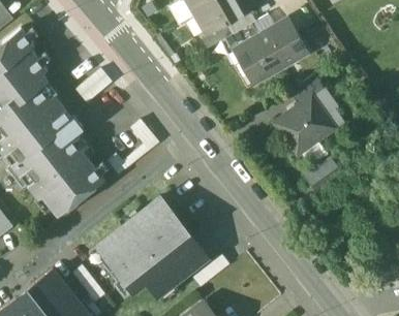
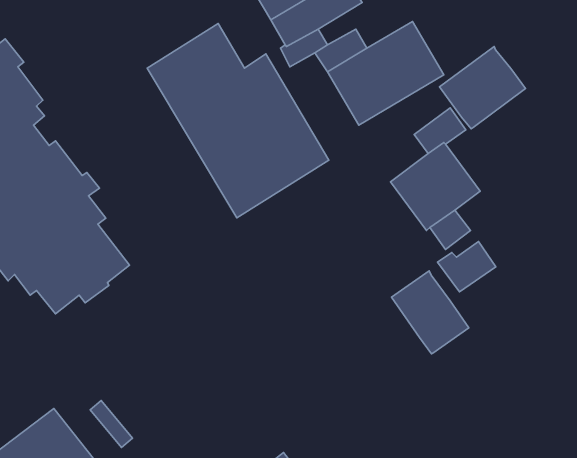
building: none -> [147,24,329,218]
building: none -> [440,47,526,129]
building: none -> [392,271,469,354]
building: [89,196,208,299] -> none

